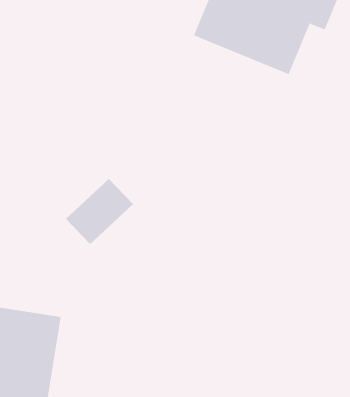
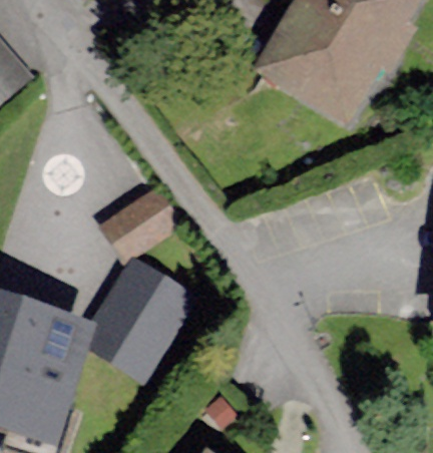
building: none -> [90,265,192,377]

